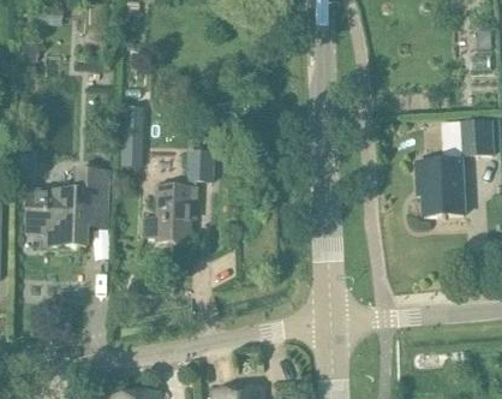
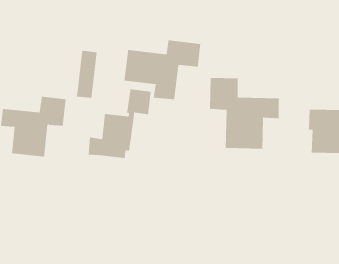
building: none -> [124,40,201,100]
building: none -> [209,77,279,149]

